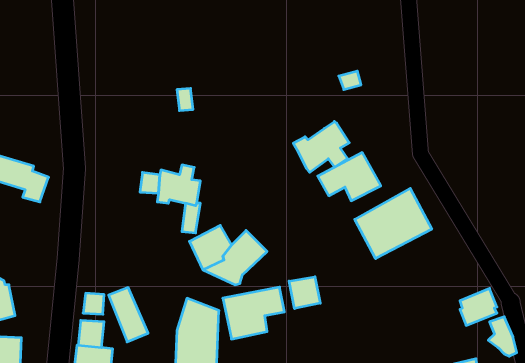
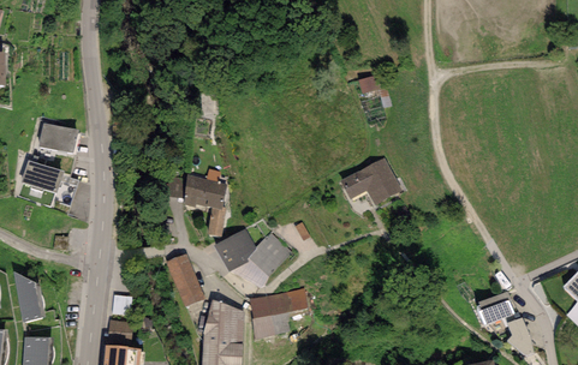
building: none -> [38,122,77,152]
building: [293,121,349,172] -> none
building: [355,188,432,259] -> none
building: [289,277,320,309] -> none
building: [109,288,148,342] -> [167,253,205,306]

